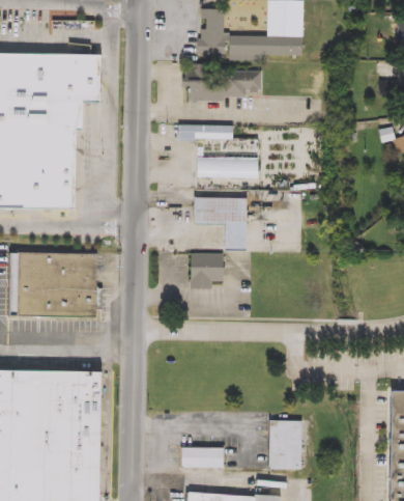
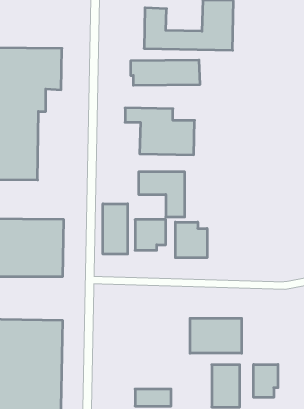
building: none -> [103,204,128,254]
building: none -> [175,222,207,258]
building: none -> [190,318,242,353]
building: none -> [254,364,278,397]

